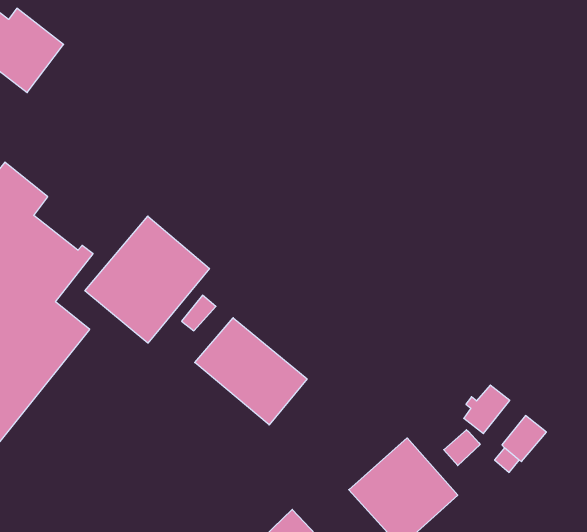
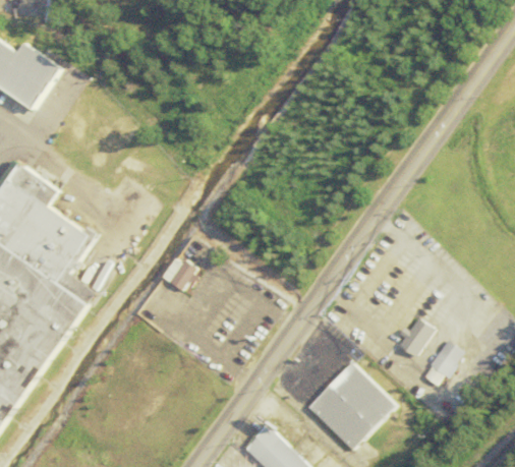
building: [85,216,209,343] -> none
building: [195,318,307,425] -> none
building: [444,430,480,466] -> none

